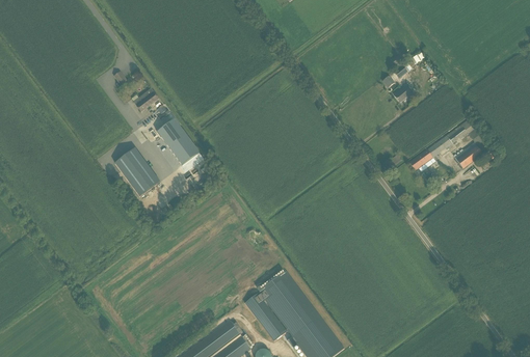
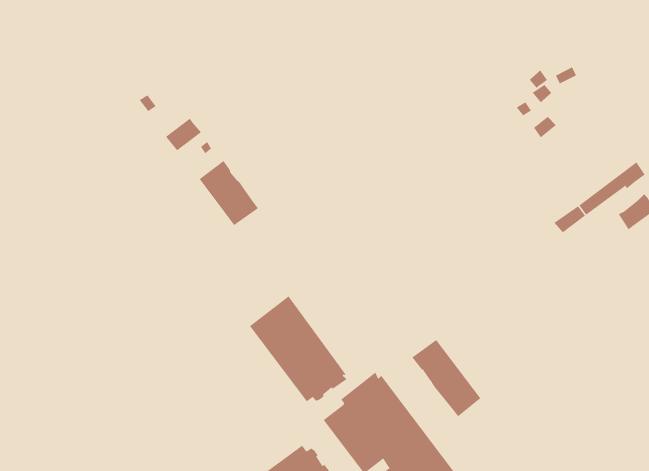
building: [114,147,159,197] -> none
building: none -> [249,296,348,402]
building: none -> [412,339,481,417]

